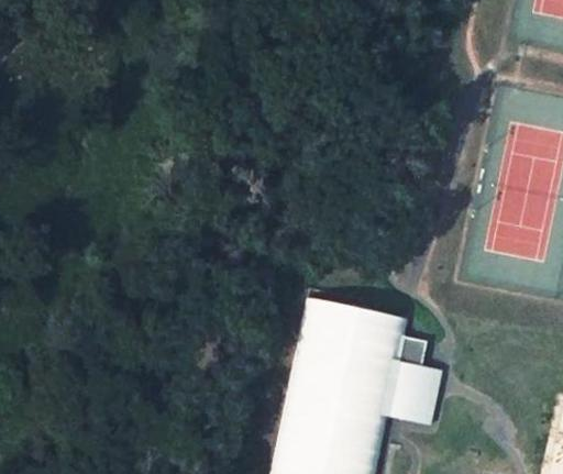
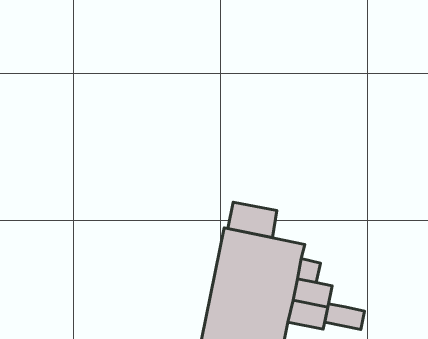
building: none -> [228,202,277,237]
building: none -> [325,304,364,329]

